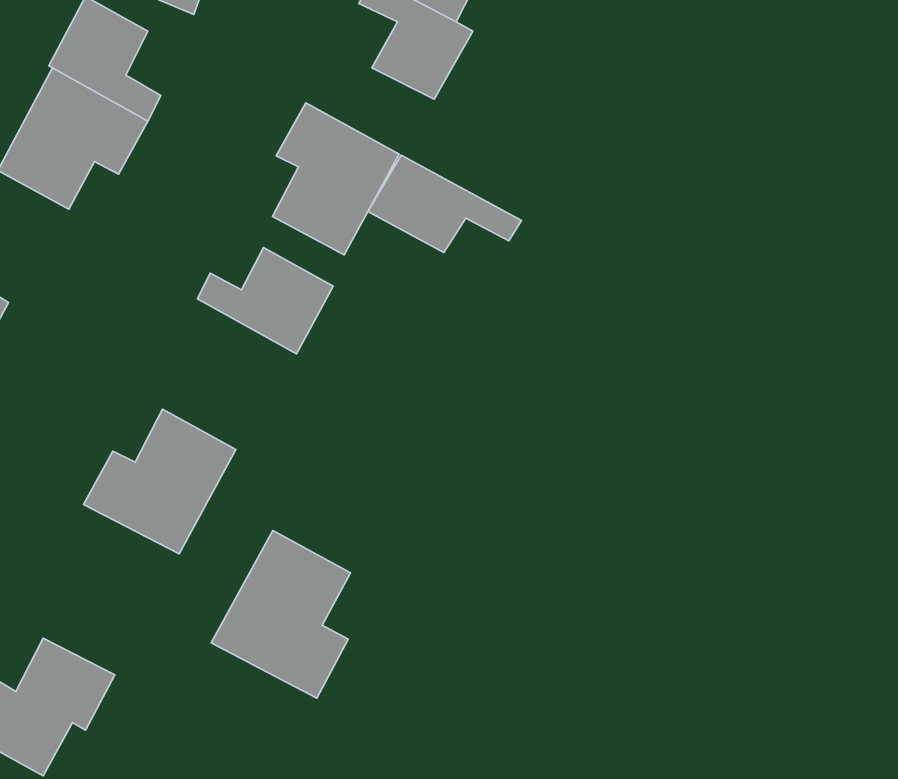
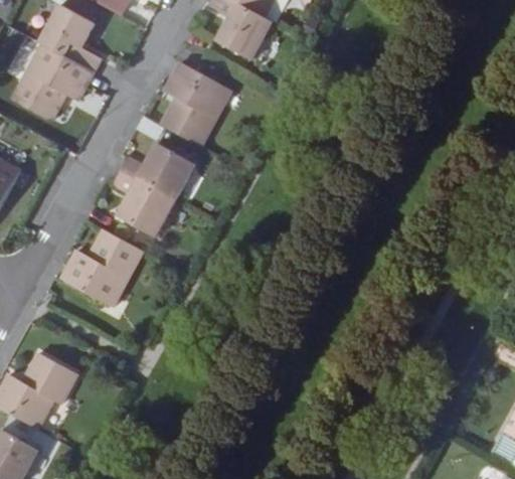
building: [368,155,521,253] -> none
building: none -> [114,169,176,235]
building: [211,530,351,698] -> none

